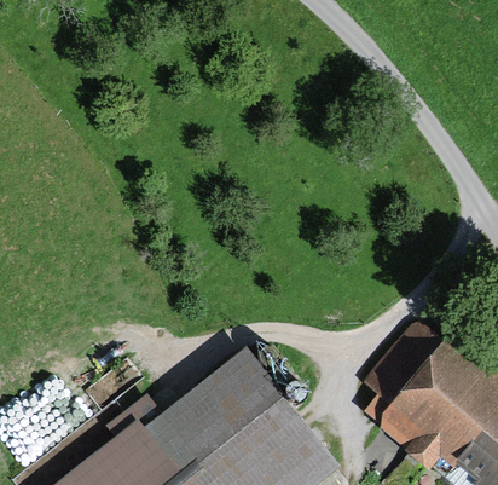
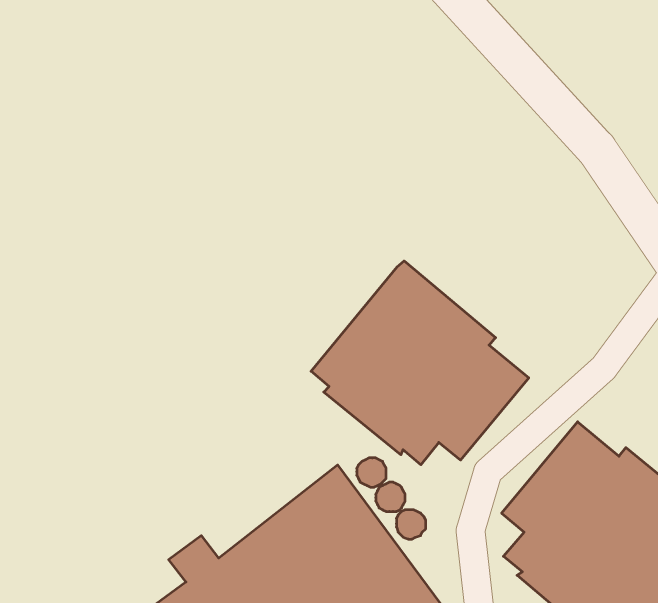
building: none -> [311,261,529,465]

